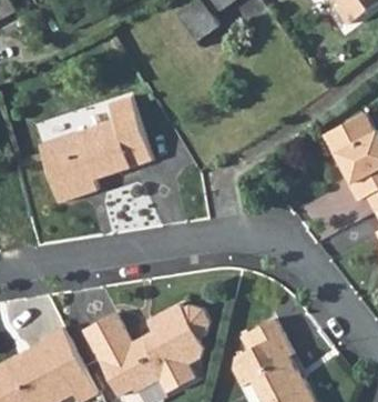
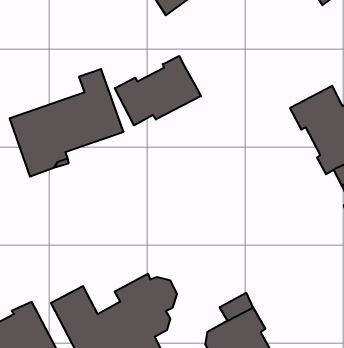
building: none -> [115,56,201,125]

